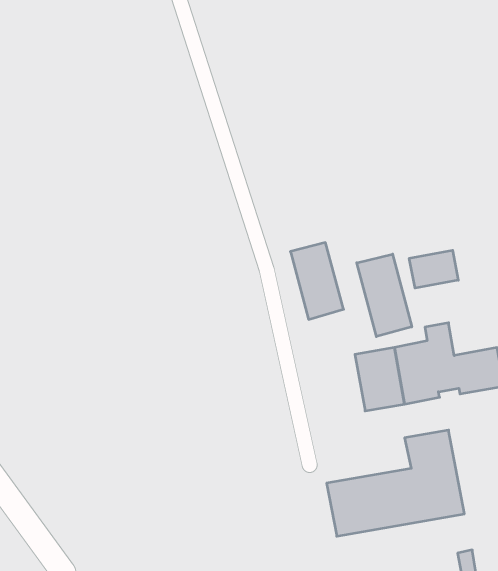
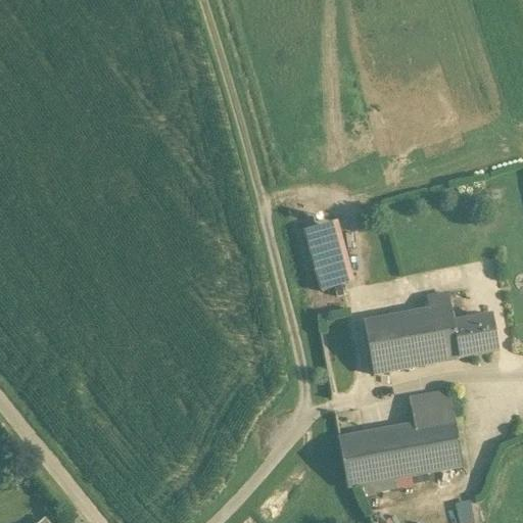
building: [409,250,458,288] -> none
building: [357,254,412,337] -> none

